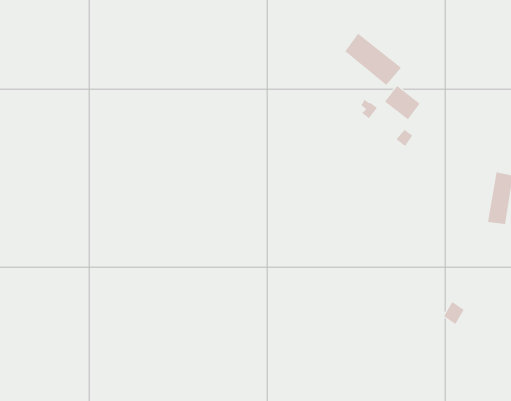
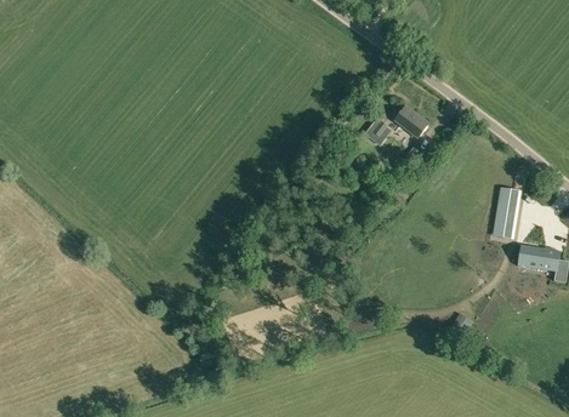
building: [344,33,402,86] -> none

